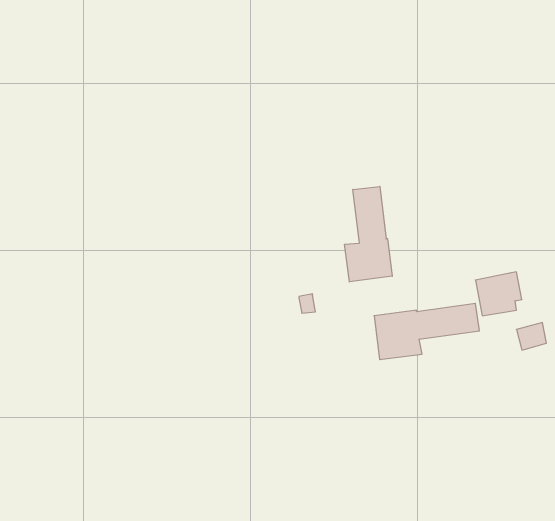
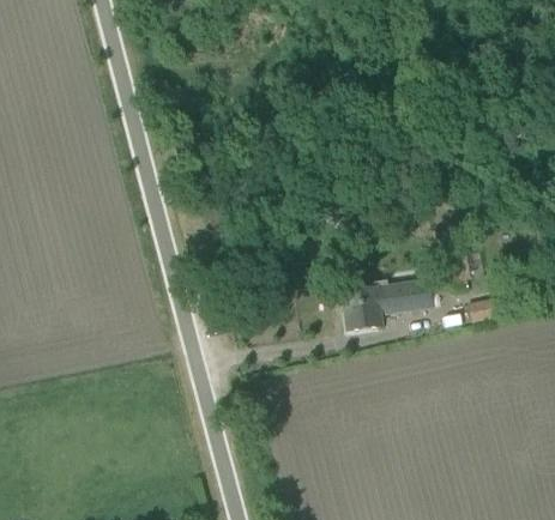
building: [345,186,392,282] -> none

